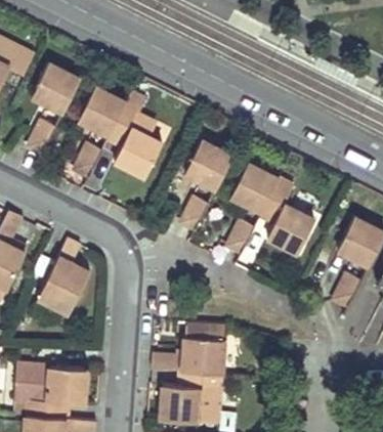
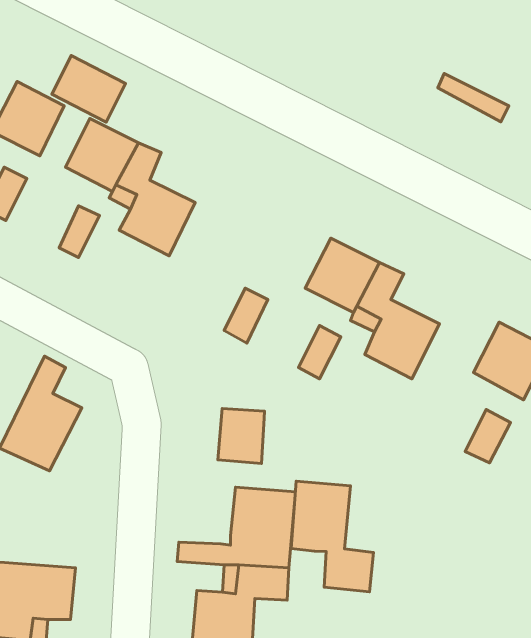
building: none -> [52,56,126,122]
building: [186,140,231,187] -> none
building: none -> [218,408,265,464]
building: none -> [291,481,373,592]

